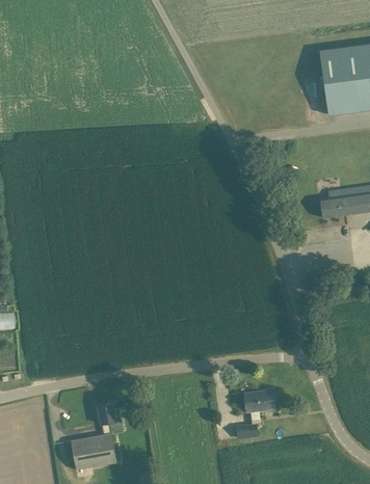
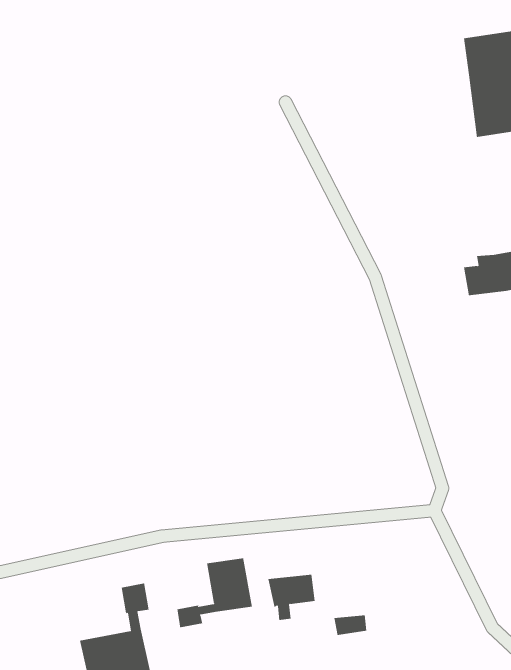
building: none -> [177,558,252,628]
building: [243,391,274,421] -> [267,574,315,620]

